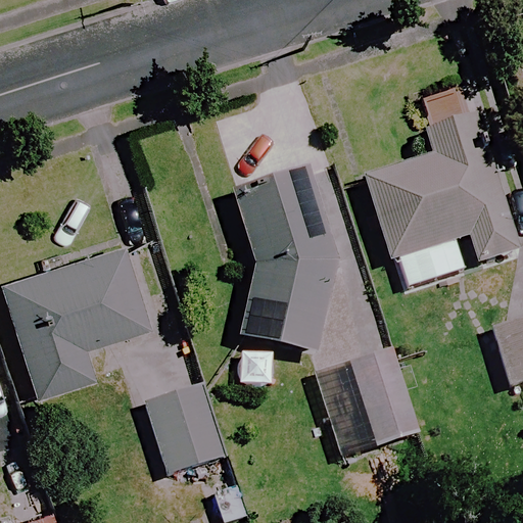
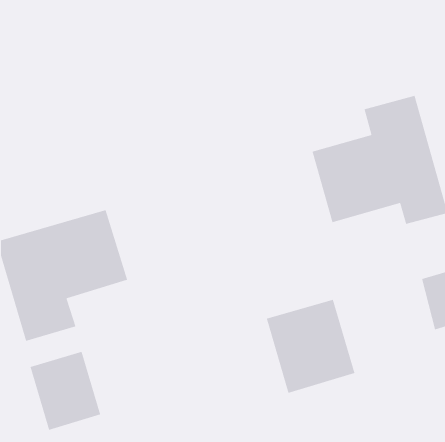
building: [232,167,348,354] -> none
building: [145,381,229,474] -> [29,351,101,431]

